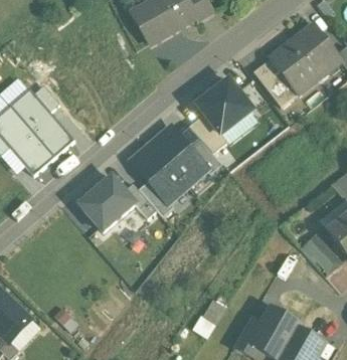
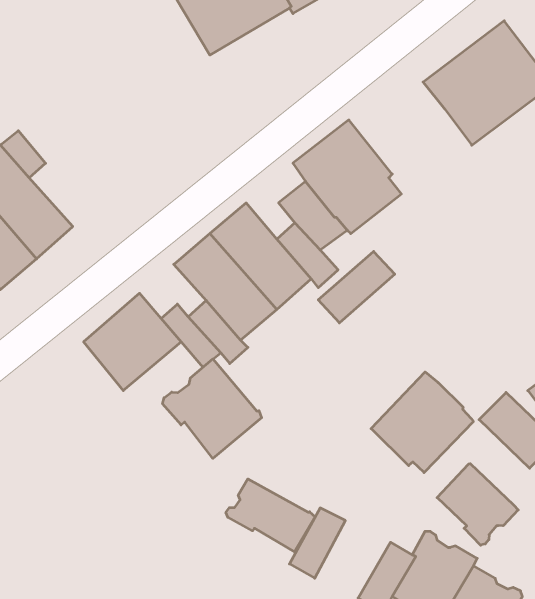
building: [265,73,296,106] -> none
building: none -> [318,251,395,323]
building: none -> [163,359,262,458]
building: none -> [371,372,473,473]
building: none -> [437,464,518,545]
building: none -> [226,479,315,552]

